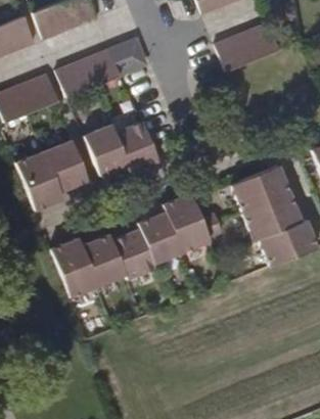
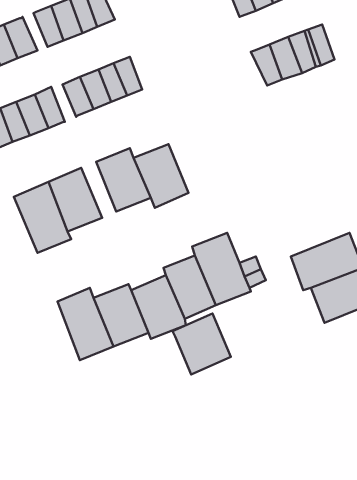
building: [111,39,147,75] -> none
building: [232,166,291,212] -> none
building: none -> [173,314,231,374]

